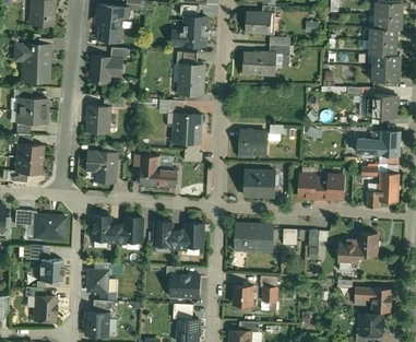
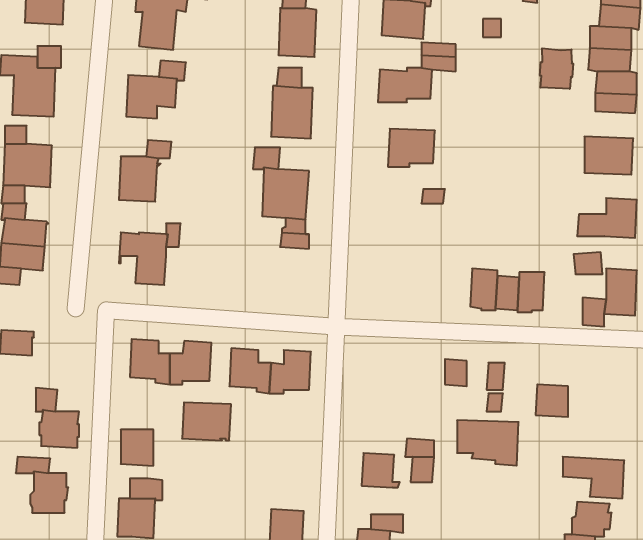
building: none -> [540,48,573,89]
building: [238,131,266,154] -> [388,129,435,167]
building: [129,155,176,187] -> none
building: [243,170,274,197] -> none
building: [33,215,64,240] -> none
building: [235,224,272,251] -> [457,420,519,466]
building: [357,233,377,256] -> none
building: [169,274,199,297] -> [182,402,231,440]

